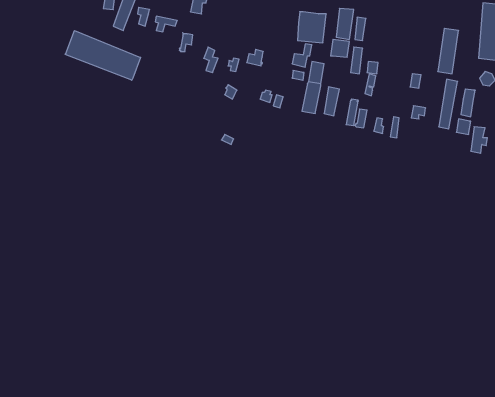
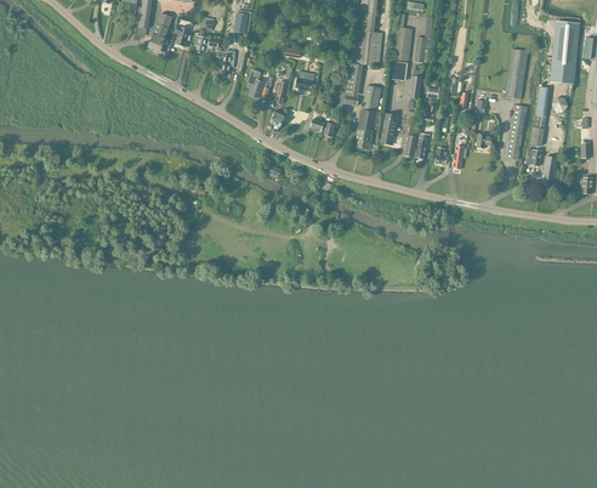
building: [65,31,141,80] -> none

